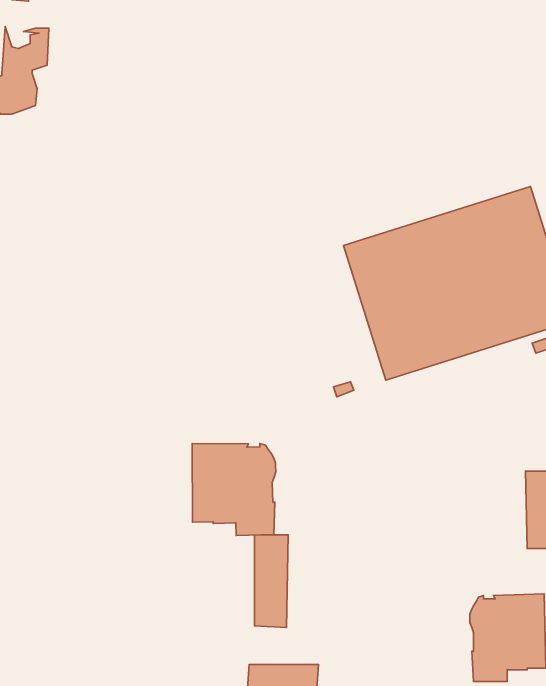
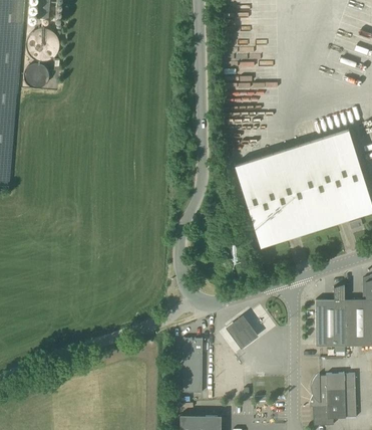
building: [192,443,276,535] -> none
building: none -> [316,285,346,347]
building: none -> [226,319,258,354]

